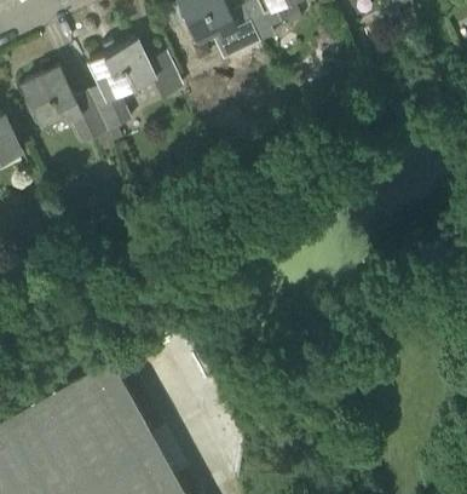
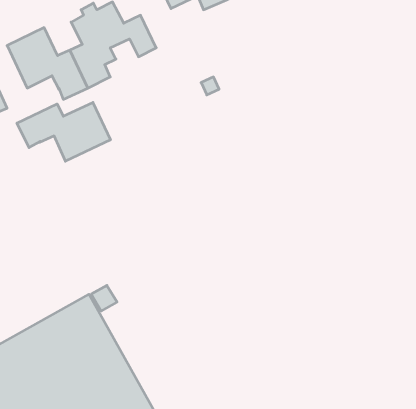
building: none -> [17,102,110,161]

